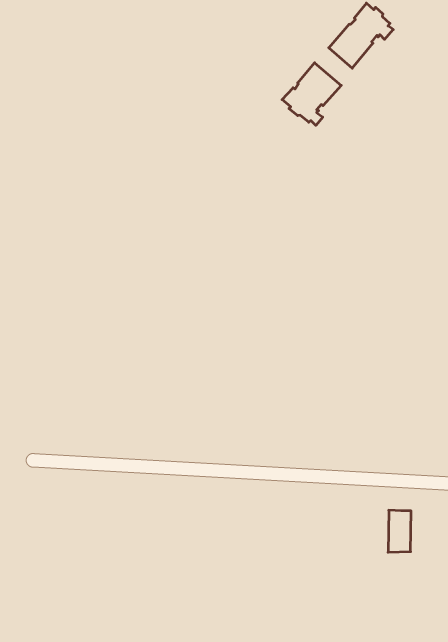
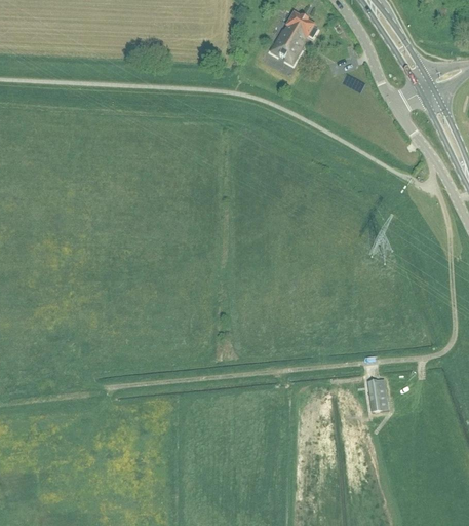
building: [282,63,341,125] -> none

